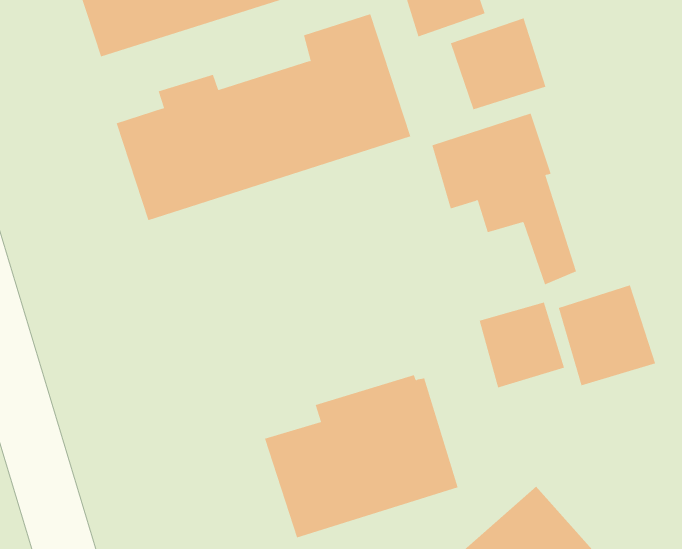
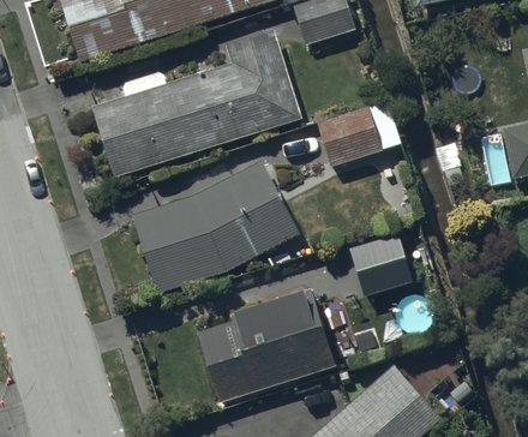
building: [450,17,546,110] -> none
building: none -> [132,161,300,293]
building: [558,284,656,386] -> none

